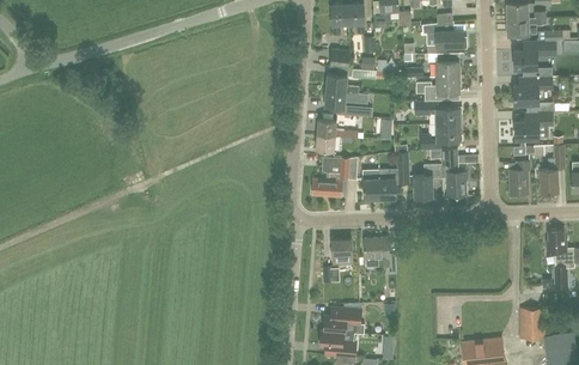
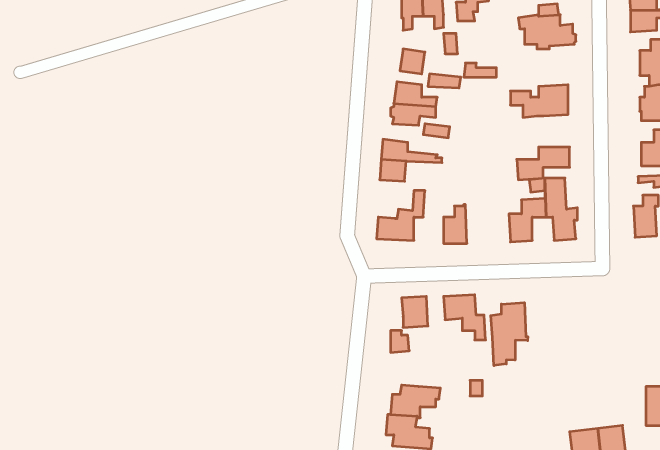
building: [435,53,459,78] -> none
building: [414,101,462,124] -> none
building: [380,152,408,199] -> none
building: none -> [491,303,528,366]

